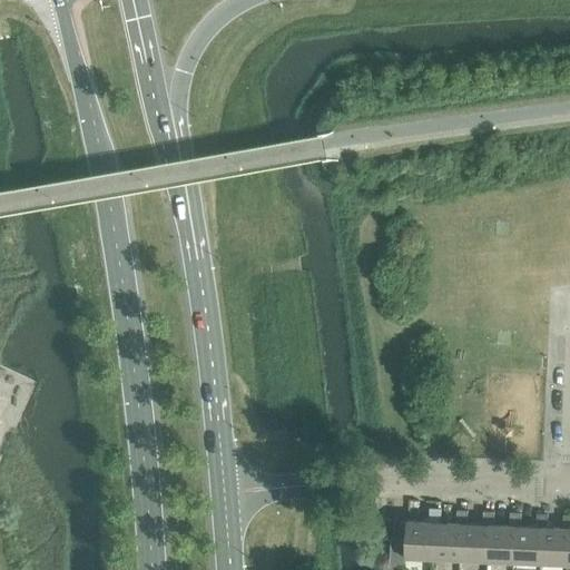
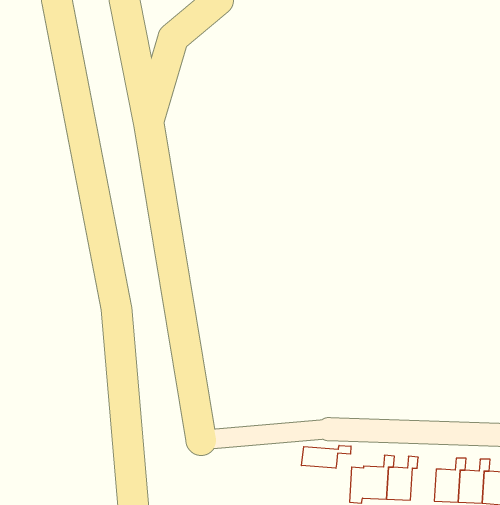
building: none -> [301,445,351,468]
building: [469,515,504,564] -> none

